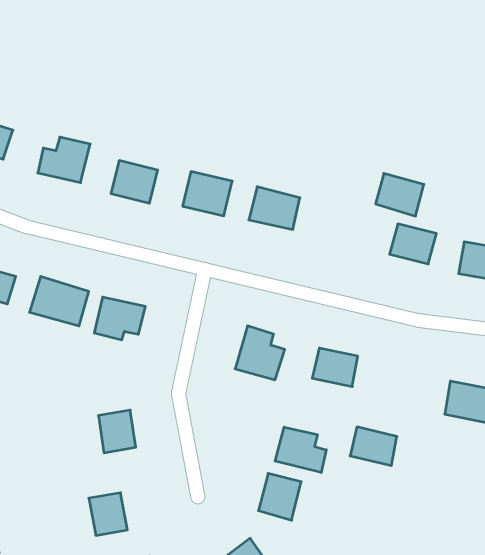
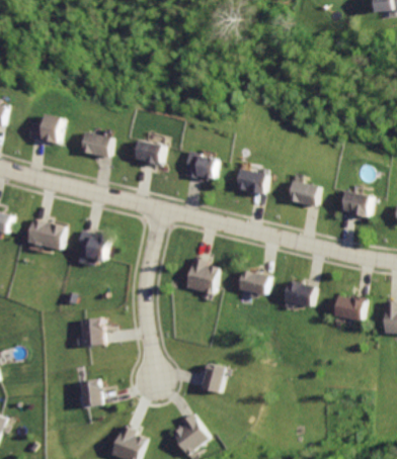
building: [376,173,424,216] -> [240,168,275,199]
building: [350,427,397,466] -> [282,278,316,306]
building: [275,427,326,473] -> none

